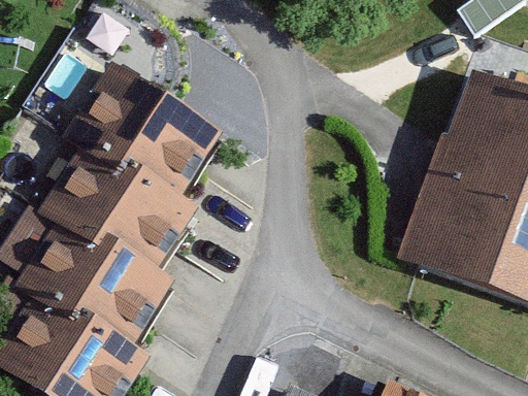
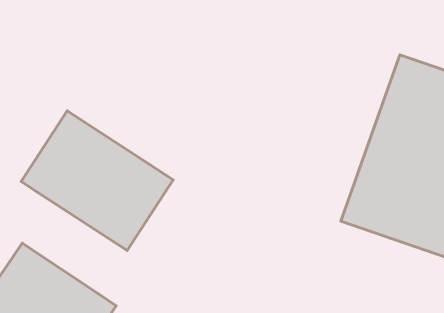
building: [71,65,220,196] -> none
building: [25,228,156,341] -> none

